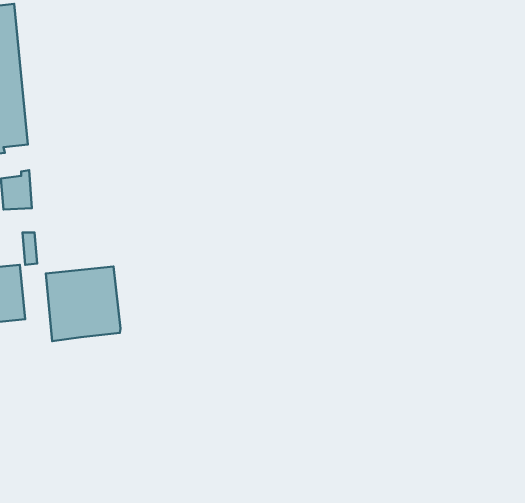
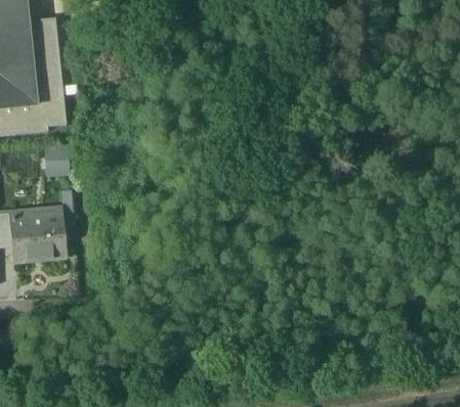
building: [46,267,121,341] -> none

